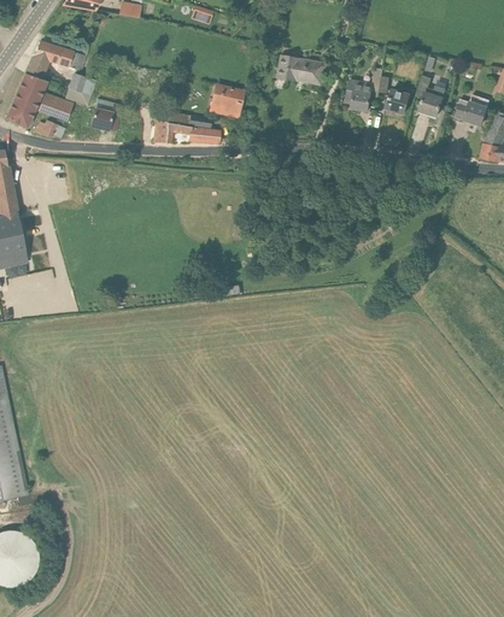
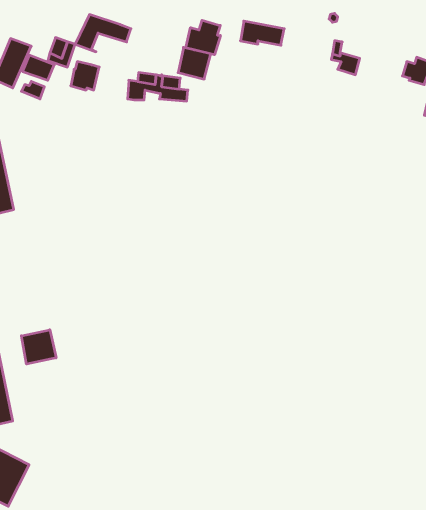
building: [24,41,86,82] -> [75,15,131,52]
building: none -> [186,20,220,55]
building: [416,75,443,116] -> none
building: [345,78,371,111] -> none
building: none -> [21,330,56,364]

